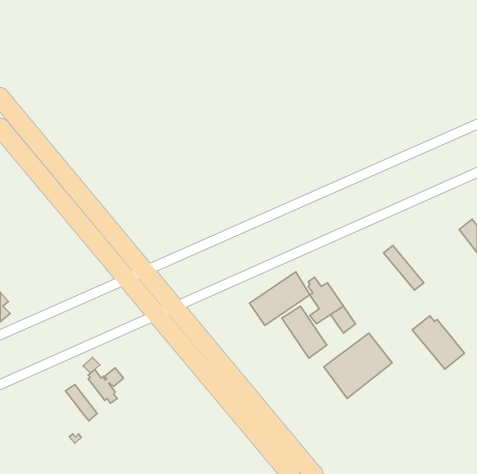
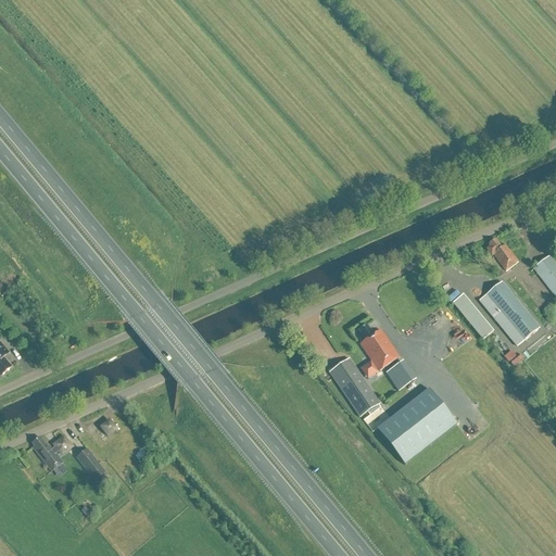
building: none -> [486,238,518,269]
building: [249,272,310,326] -> none
building: [412,316,464,369] -> [479,282,540,344]
building: [88,368,124,403] -> [33,433,74,475]

